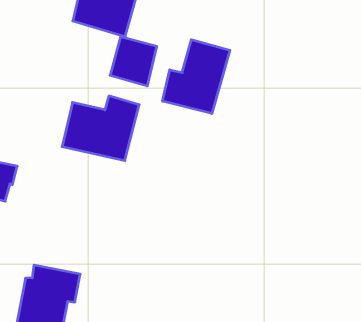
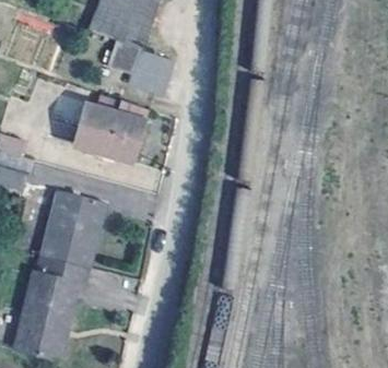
building: [163,40,230,114] -> none
building: none -> [42,192,103,271]

